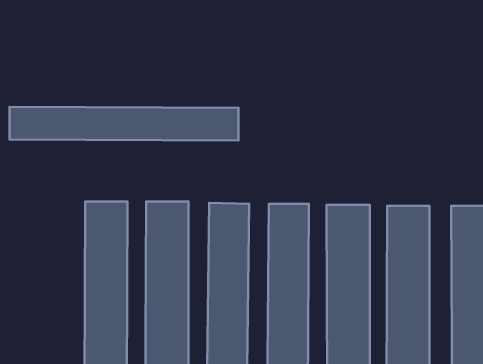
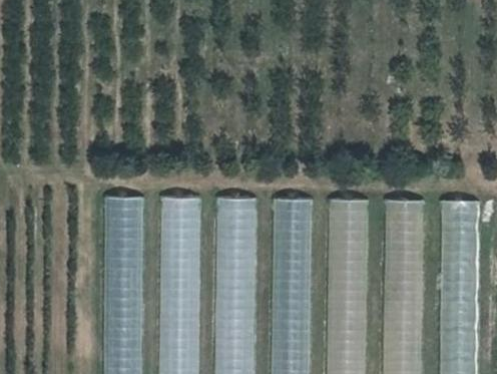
building: [9,107,239,141] -> none

